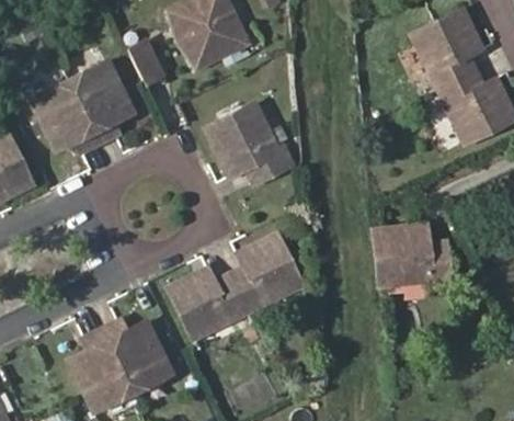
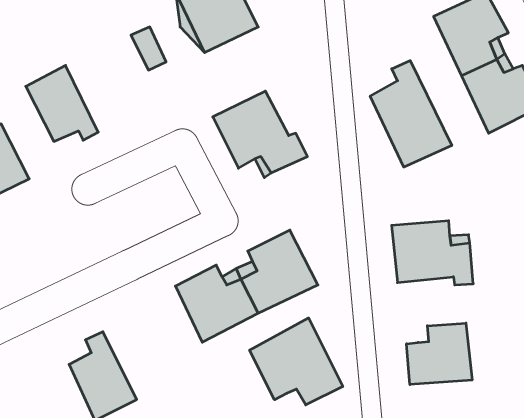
building: [69,60,137,141] -> none
building: none -> [370,61,452,167]
building: none -> [250,318,343,405]
building: none -> [407,323,472,385]
building: [104,322,173,392] -> none

